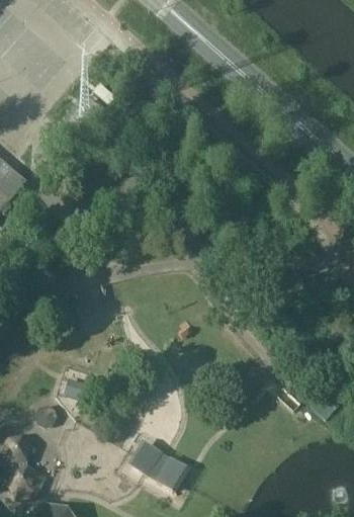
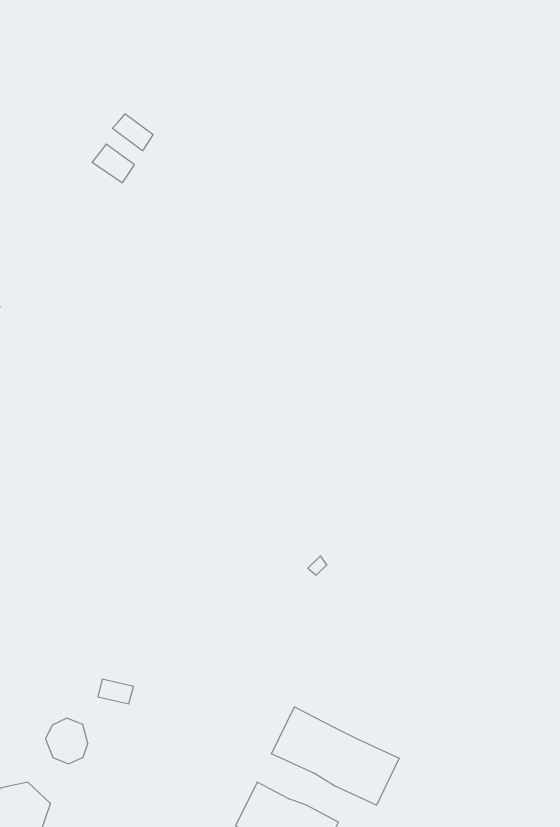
building: none -> [272,707,399,805]

